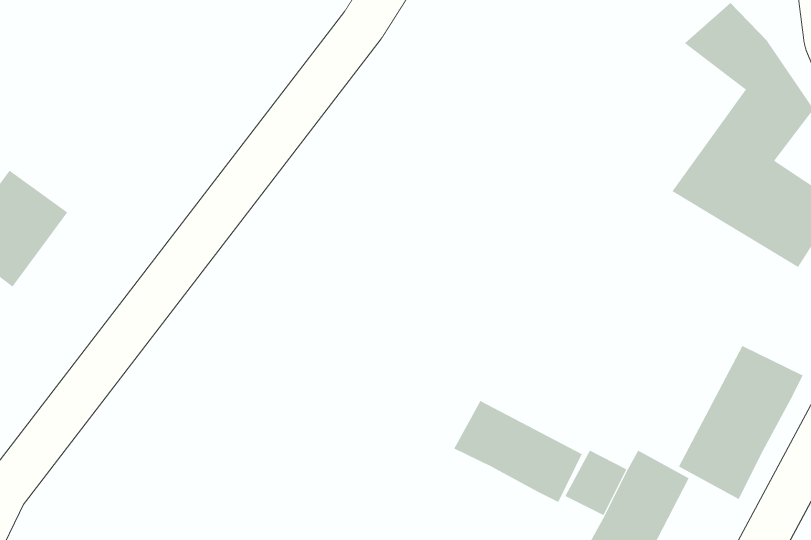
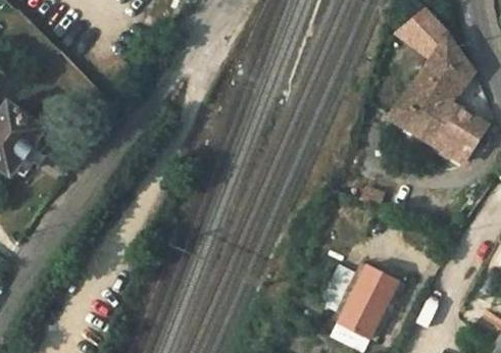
building: [678,345,803,500] -> none
building: [454,400,583,503] -> none

